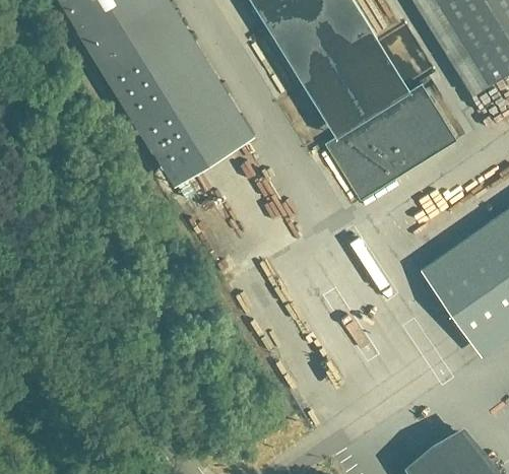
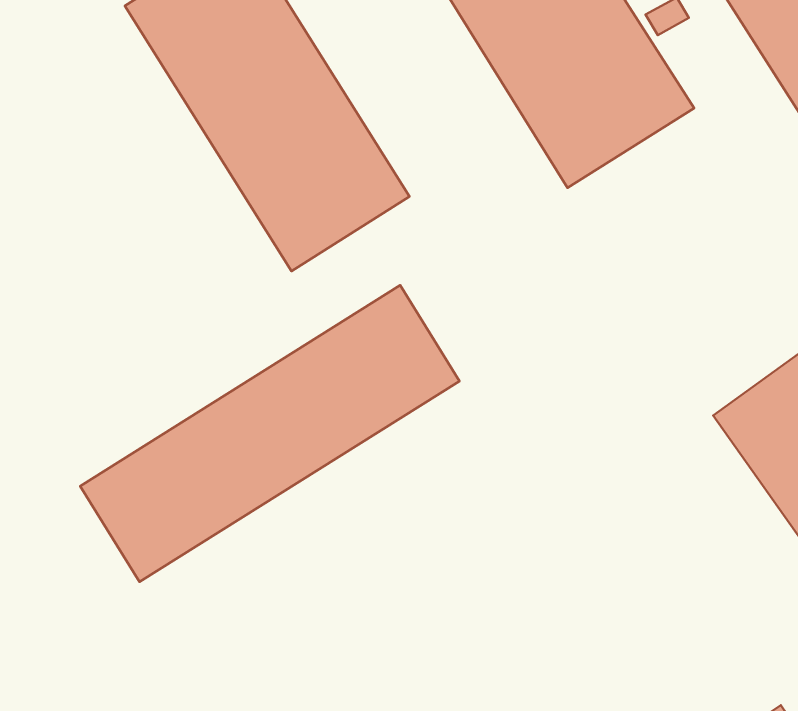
building: [325,83,457,199] -> none
building: none -> [80,285,460,582]

